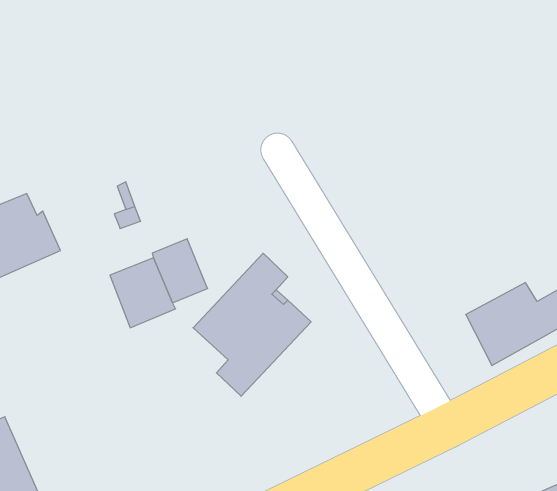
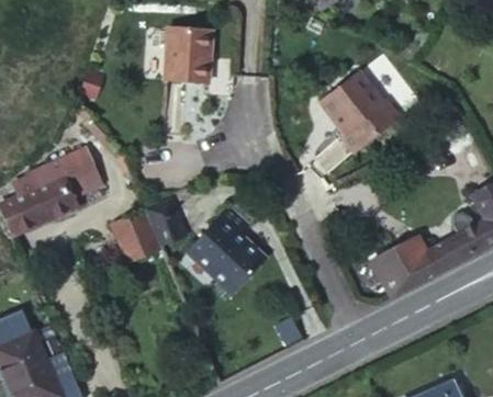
building: none -> [161,29,210,84]
building: none -> [322,68,401,148]
building: none -> [52,147,104,197]

